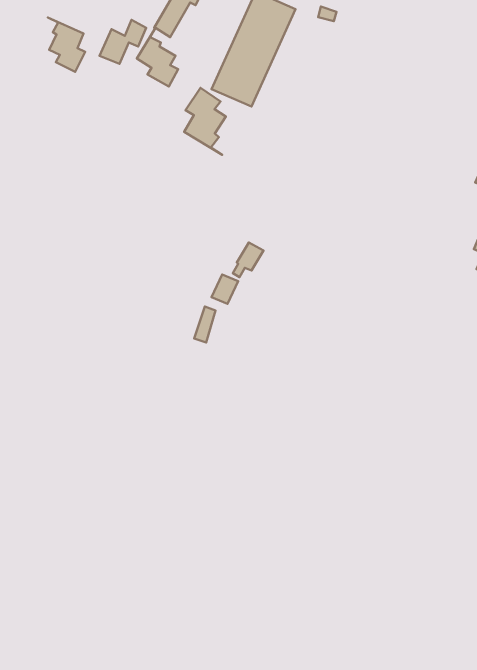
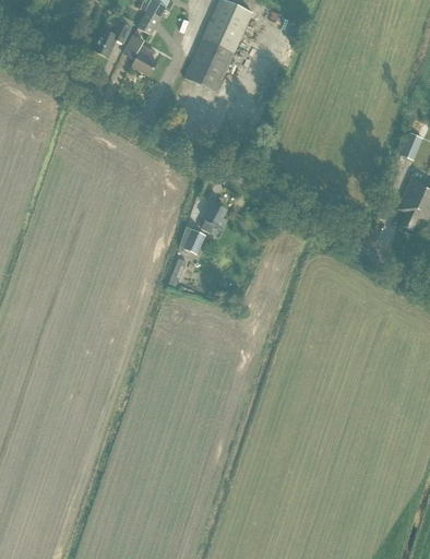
building: [48,17,85,72] -> none
building: [184,88,226,155] -> none

